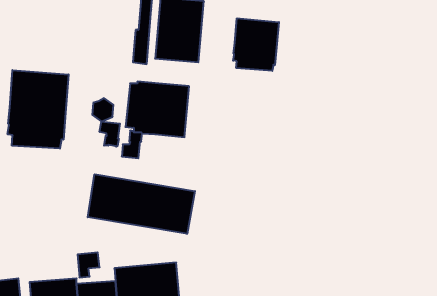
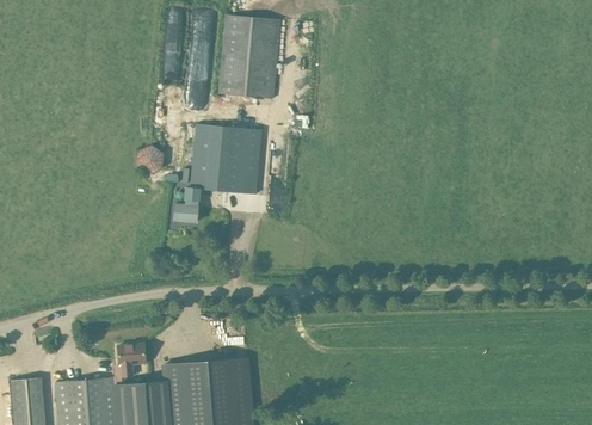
building: [233,18,279,71] -> none
building: [8,70,69,149] -> none
building: [100,121,120,147] -> none
building: [88,174,195,234] -> none

